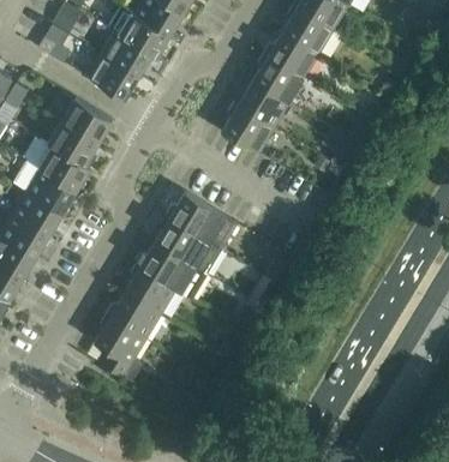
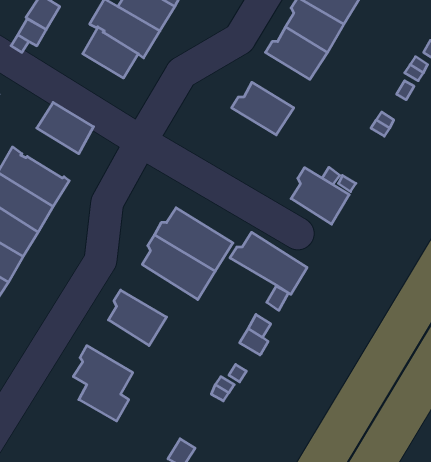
building: [252,55,304,104] -> none
building: [88,56,138,101] -> none
building: [222,104,274,155] -> [291,168,349,224]
building: [47,122,98,167] -> none
building: [136,244,204,299] -> [230,232,307,294]
building: [106,293,161,340] -> none

